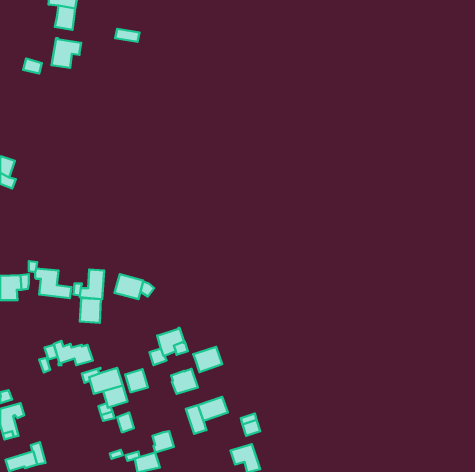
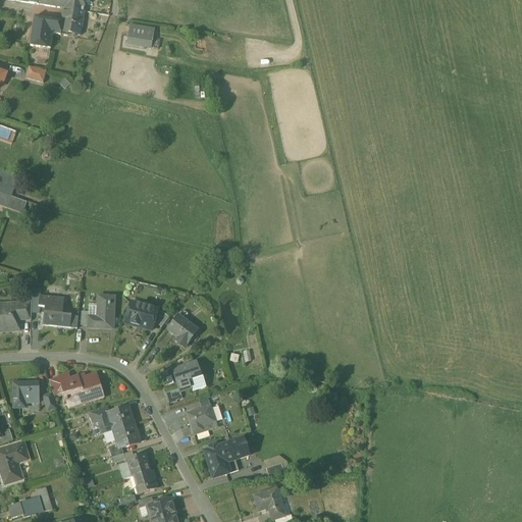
building: [51,38,81,68] -> [30,14,62,47]
building: none -> [167,315,198,347]
building: [80,298,101,323] -> none
building: [193,347,222,372] -> none
building: none -> [12,381,38,407]
building: [125,369,148,392] -> none
building: [152,431,174,452] -> [135,469,158,492]

